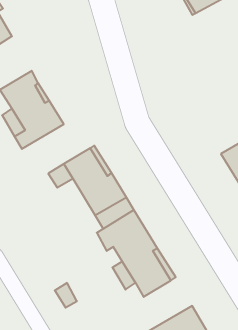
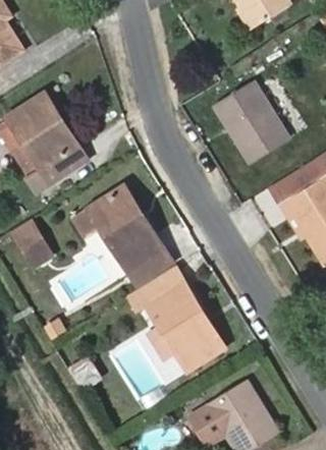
building: none -> [212,78,284,157]
building: none -> [15,218,54,263]

